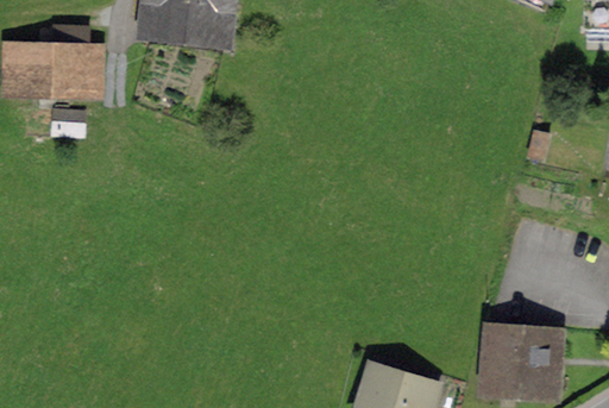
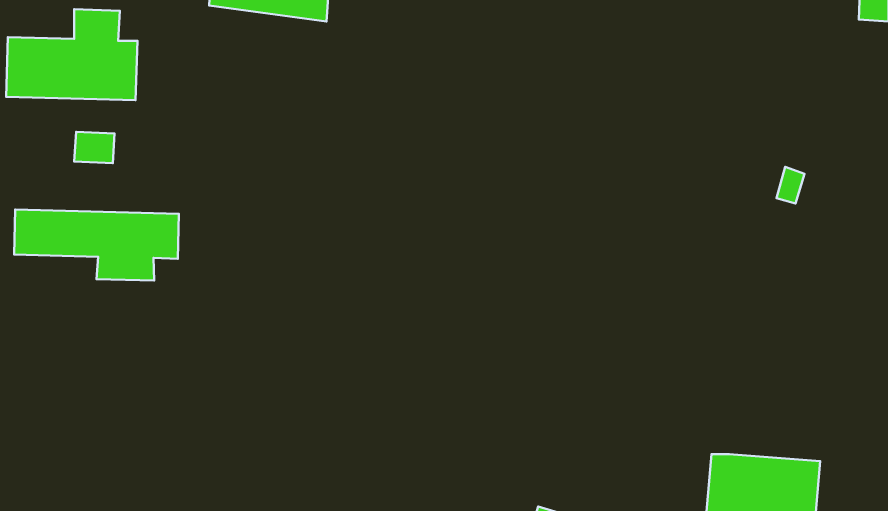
building: none -> [14,209,179,280]

